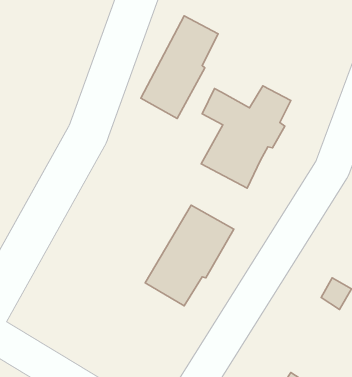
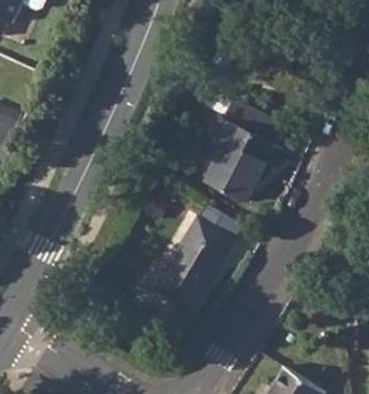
building: [141,16,218,119] -> none

